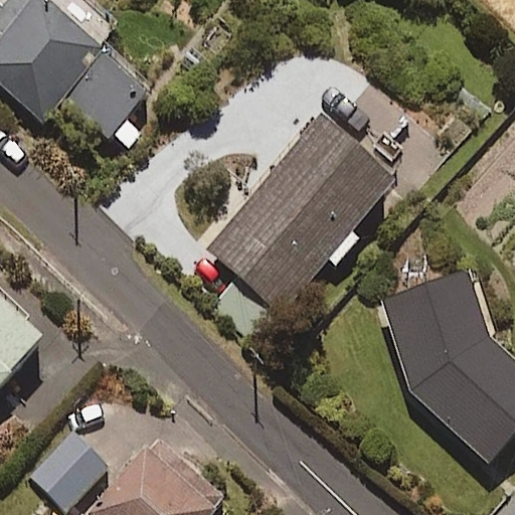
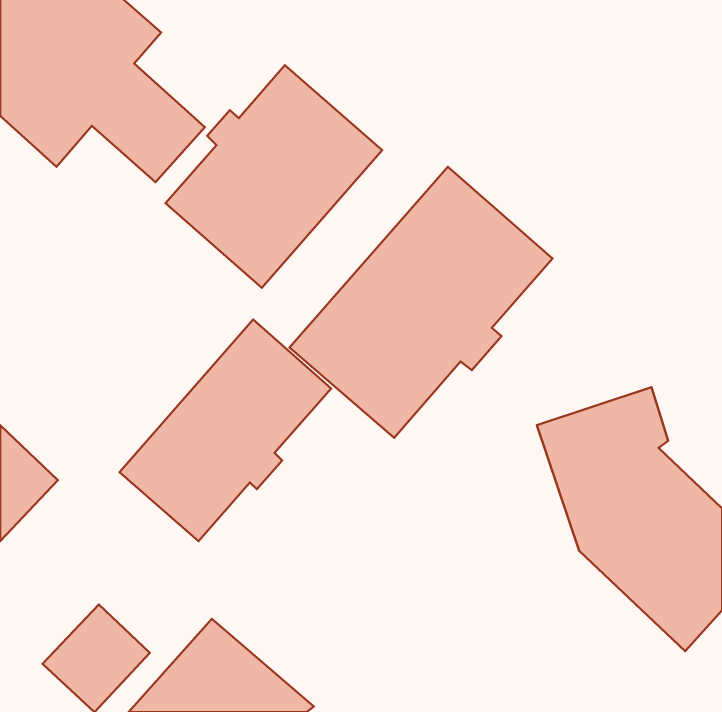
building: none -> [166,65,382,288]
building: none -> [119,319,331,541]

